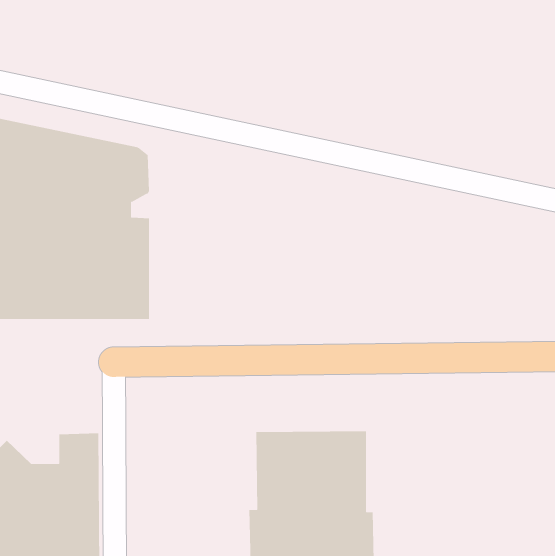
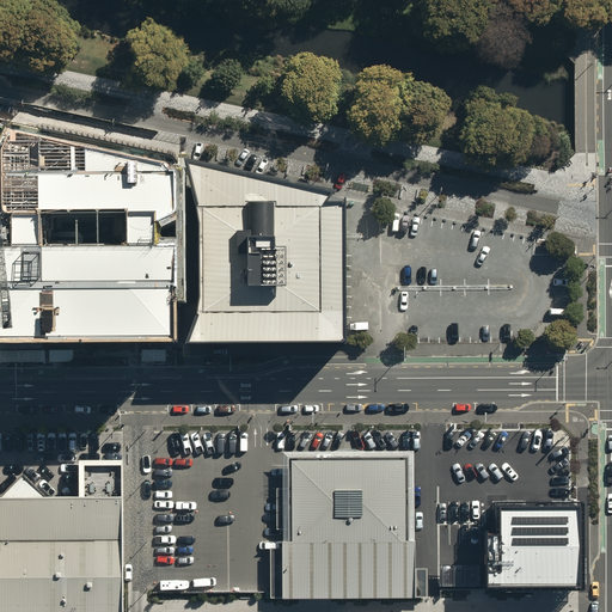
building: none -> [185,164,344,343]
building: none -> [483,513,574,586]

